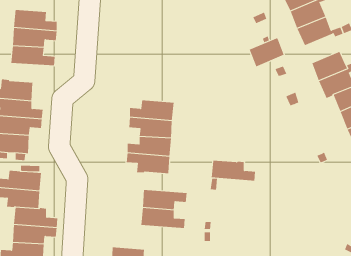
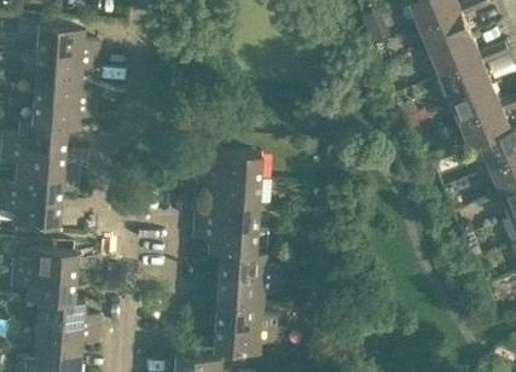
building: [249,37,284,67] -> [442,60,492,101]
building: none -> [31,101,94,130]
building: [211,160,256,181] -> [218,252,280,281]
building: none -> [213,326,276,355]

